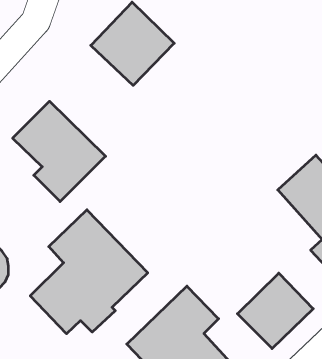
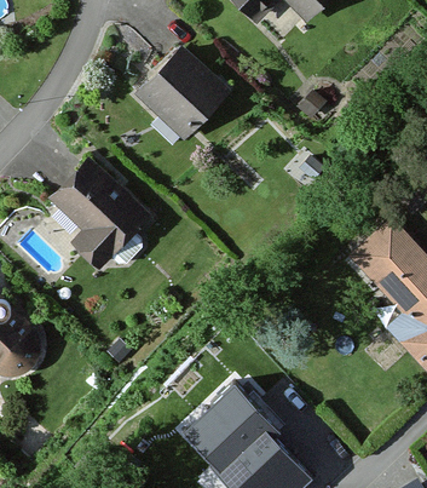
building: [30,210,148,334] -> none
building: [237,273,313,349] -> none

